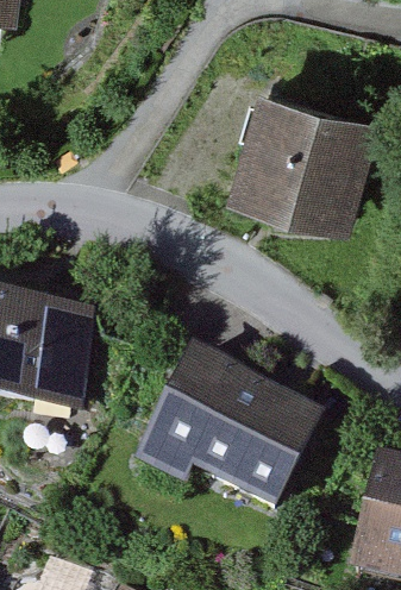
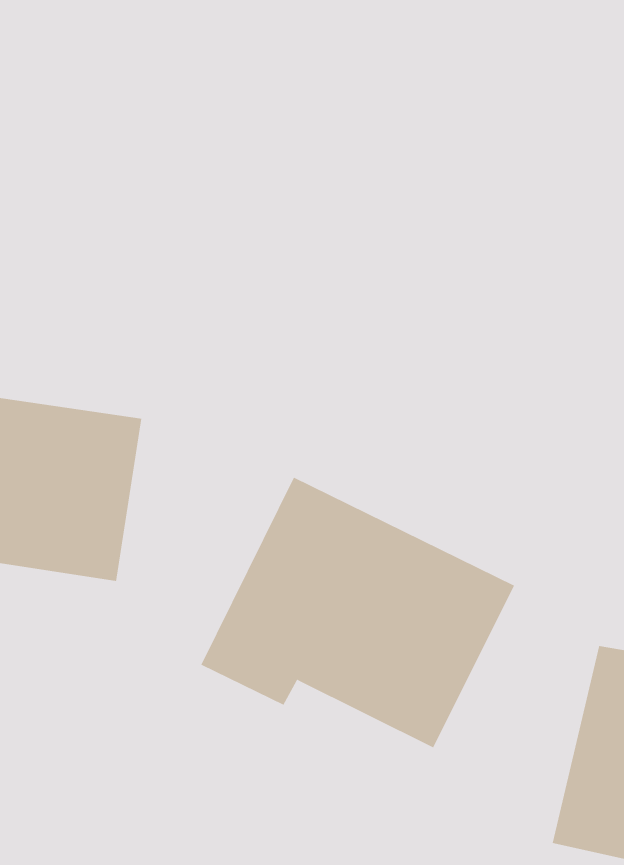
building: [225,73,384,222] -> none

